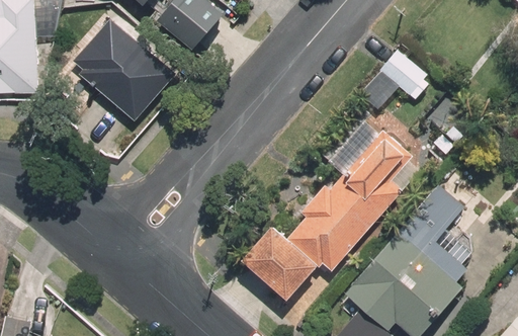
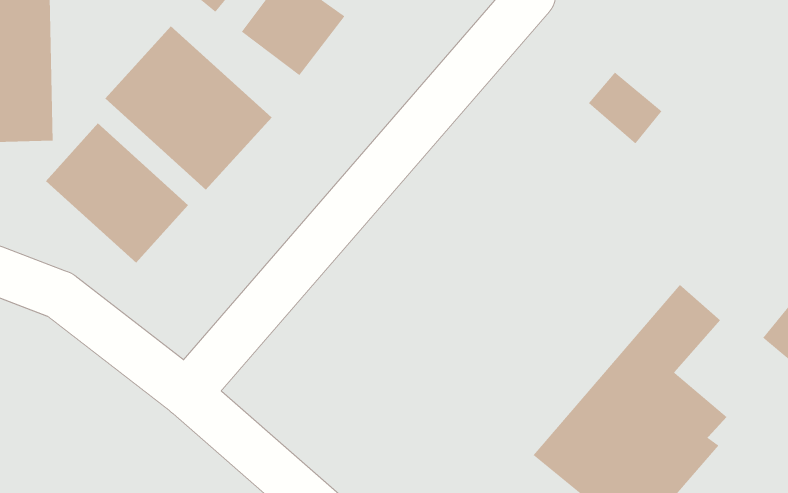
building: none -> [45,123,189,264]
building: [241,131,420,298] -> none

